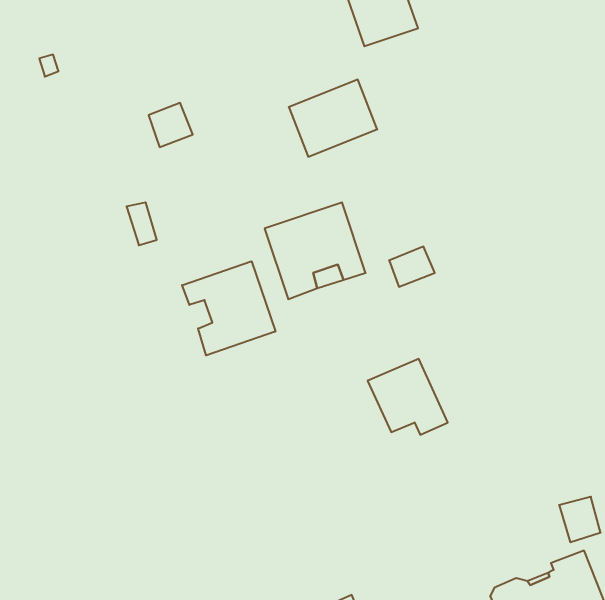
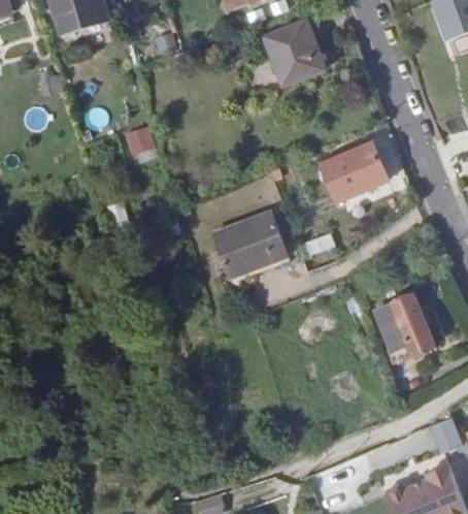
building: [289,79,377,157] -> [323,147,389,204]
building: [182,261,275,355] -> none
building: [368,359,448,435] -> [374,294,434,351]

